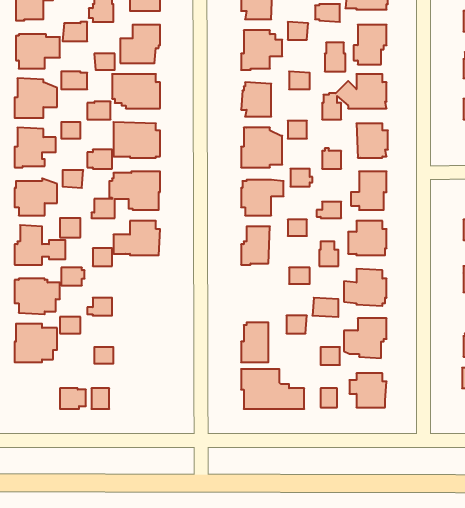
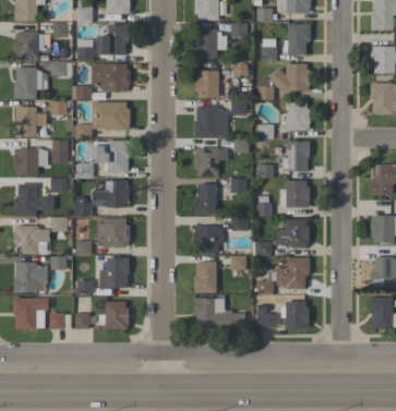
building: none -> [97,217,130,247]
building: none -> [194,226,224,253]
building: none -> [99,257,129,288]
building: none -> [13,298,49,329]
building: none -> [99,301,129,329]

